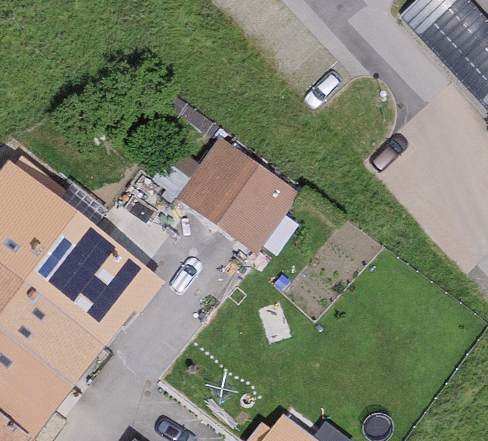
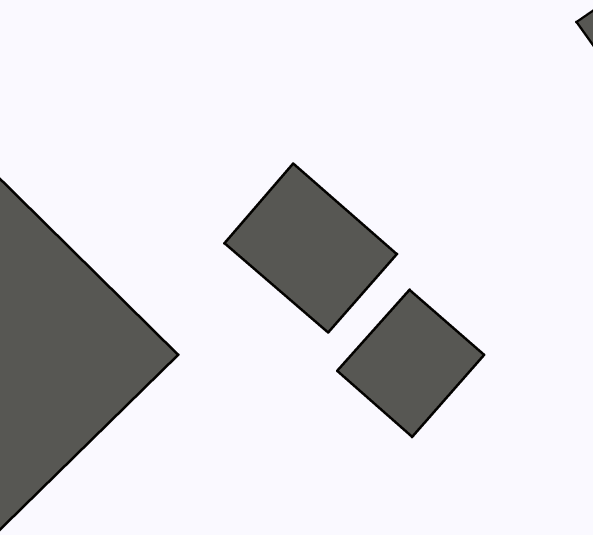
building: none -> [337,290,484,437]

